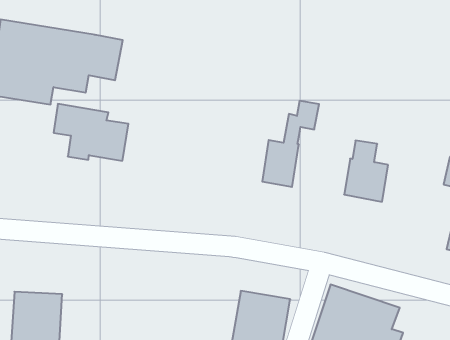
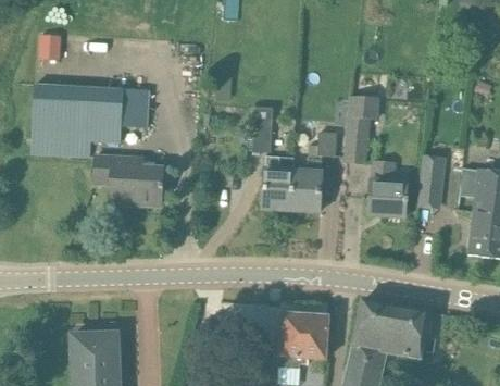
building: none -> [343,94,378,163]
building: none -> [252,105,273,151]
building: none -> [263,155,295,209]
building: none -> [418,169,443,207]

